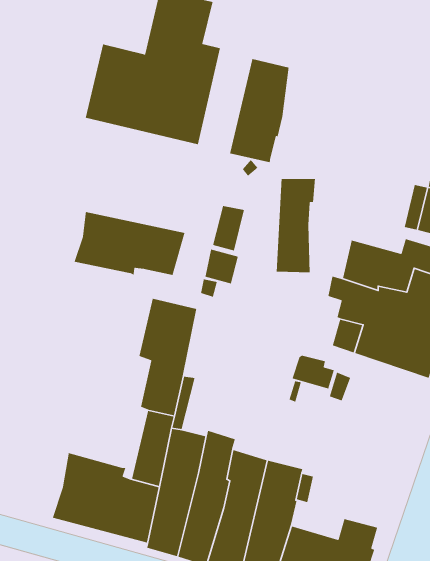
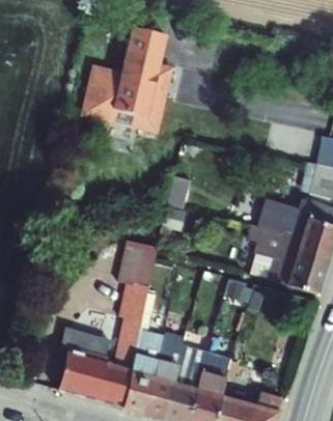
building: [229,58,289,163] -> none
building: [276,178,316,273] -> none
building: [73,211,185,276] -> none
building: none -> [56,326,111,369]

